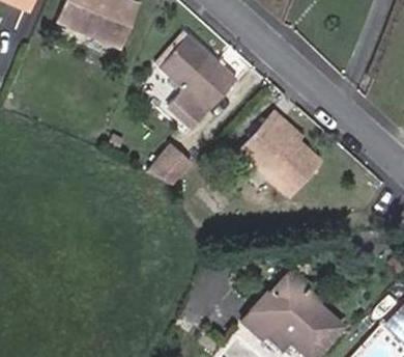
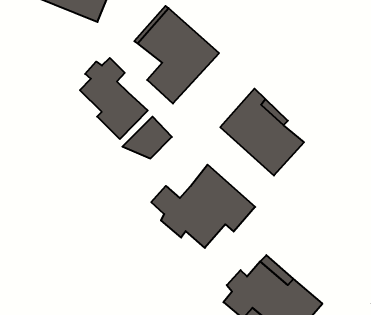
building: none -> [80,58,148,139]
building: none -> [151,165,255,248]

